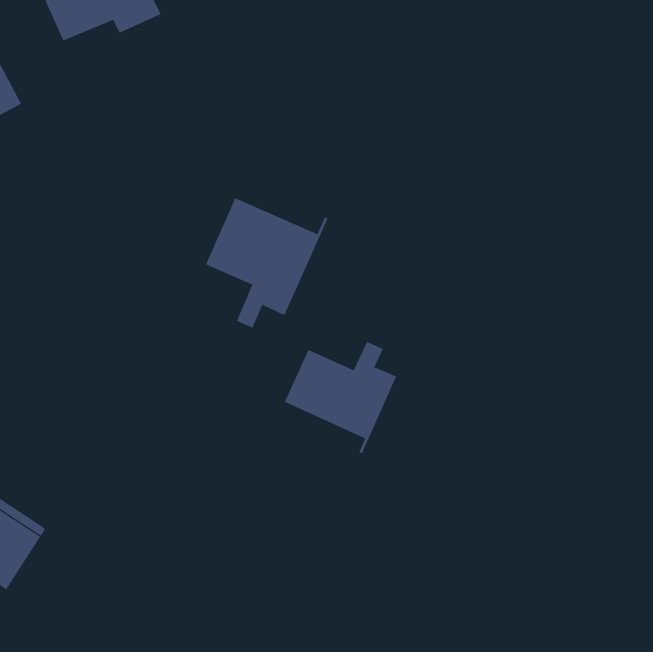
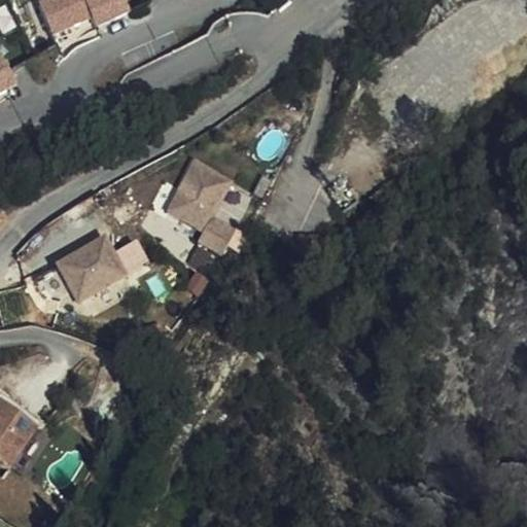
building: none -> [54,235,150,302]
building: [284,341,397,454] -> none

